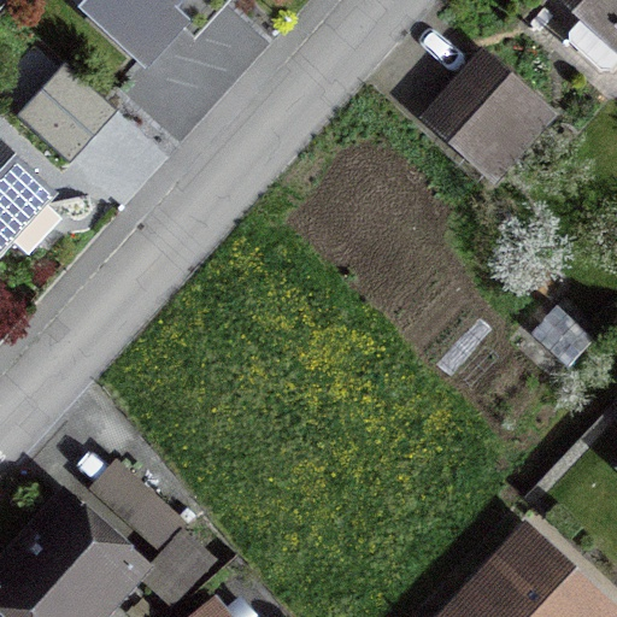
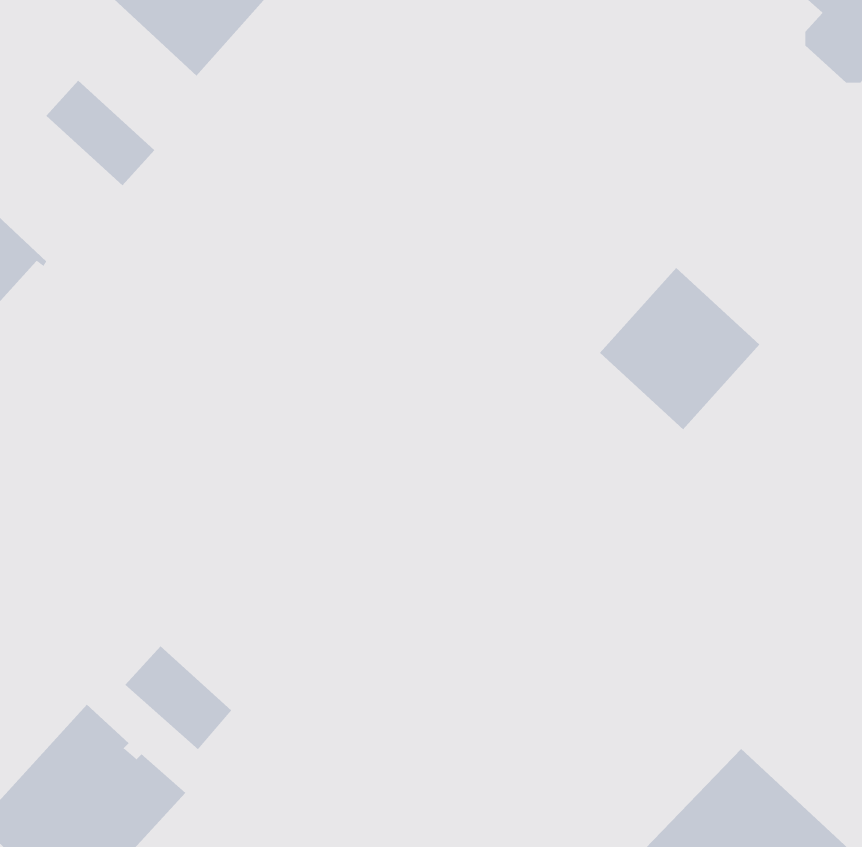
building: [433,61,546,176] -> [599,267,760,430]

